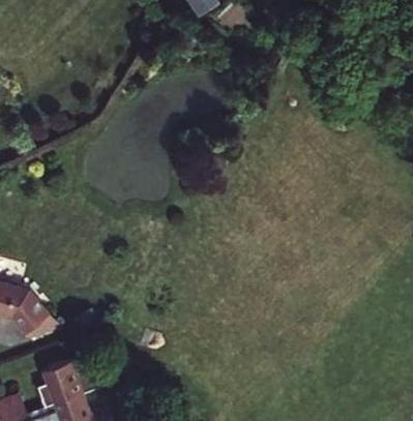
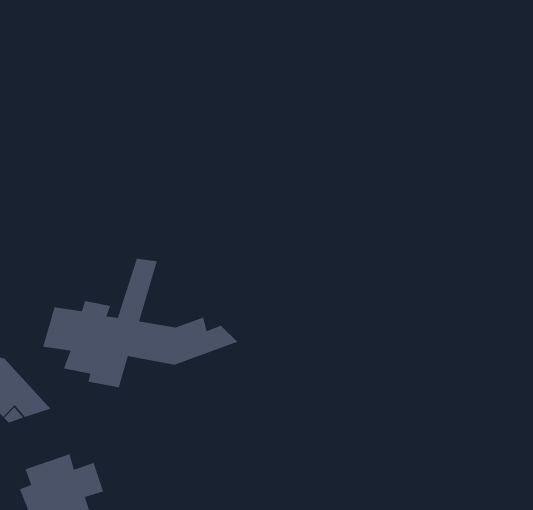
building: none -> [42,258,239,388]

